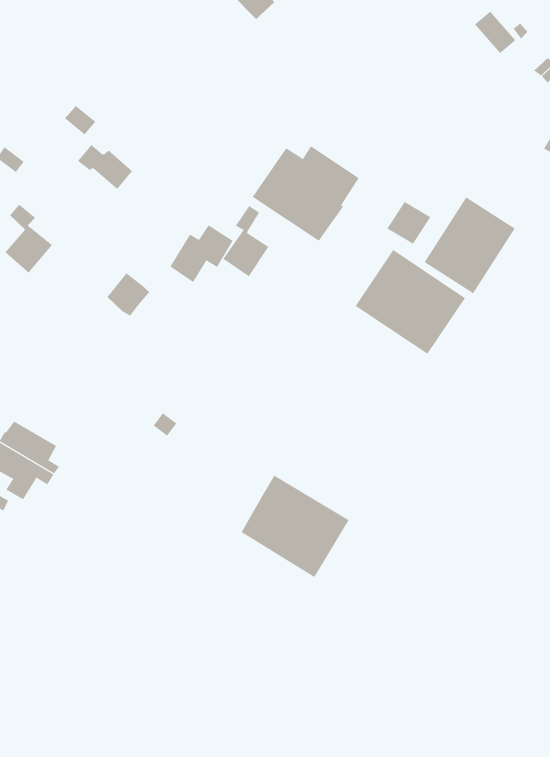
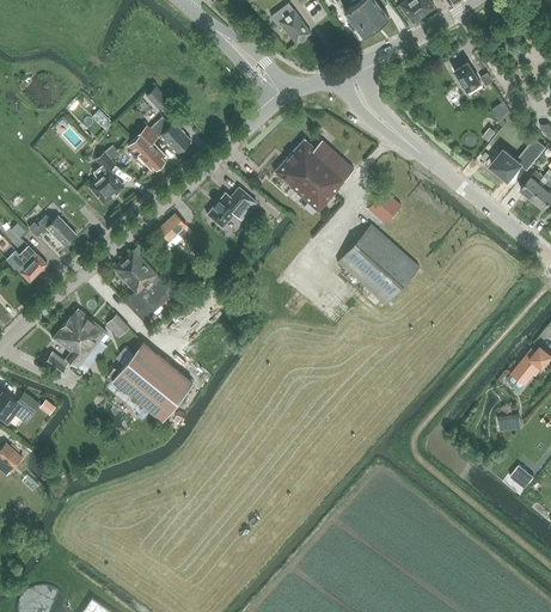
building: none -> [128,126,165,170]
building: [424,197,515,294] -> none
building: [223,205,269,277] -> none
building: none -> [112,247,173,320]
building: [241,475,350,578] -> [112,342,192,421]

